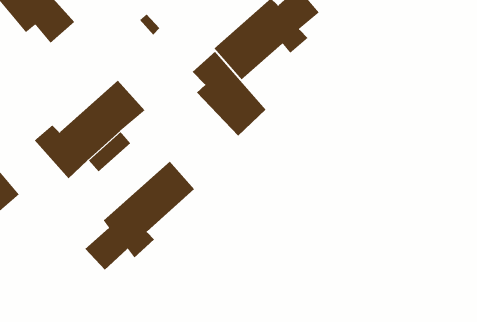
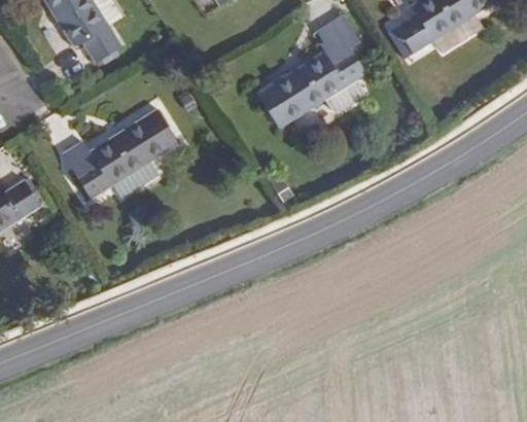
building: [192,51,267,137] -> none
building: [85,161,195,271] -> none

